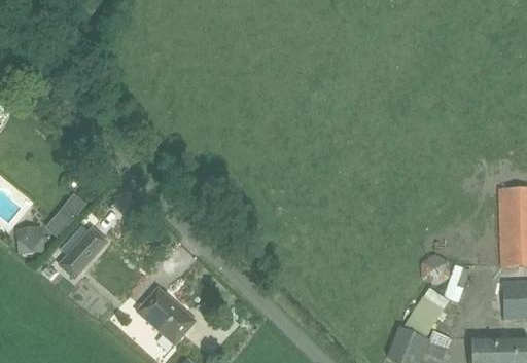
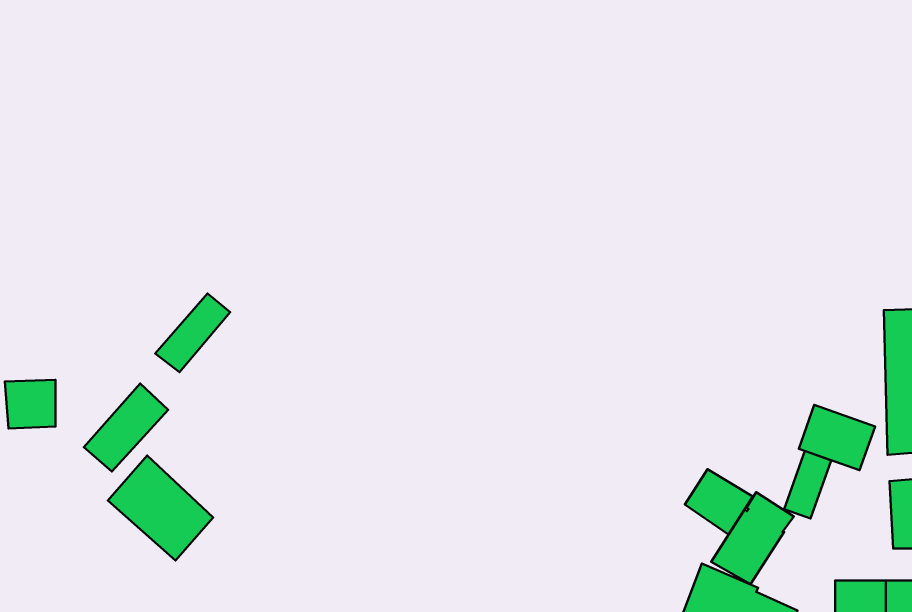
building: [44,194,85,238] -> [155,293,230,372]
building: none -> [799,405,875,470]
building: none -> [685,469,753,535]
building: [137,287,195,344] -> [108,455,213,561]

